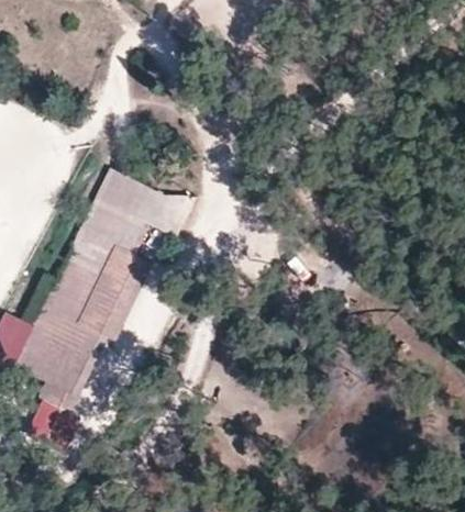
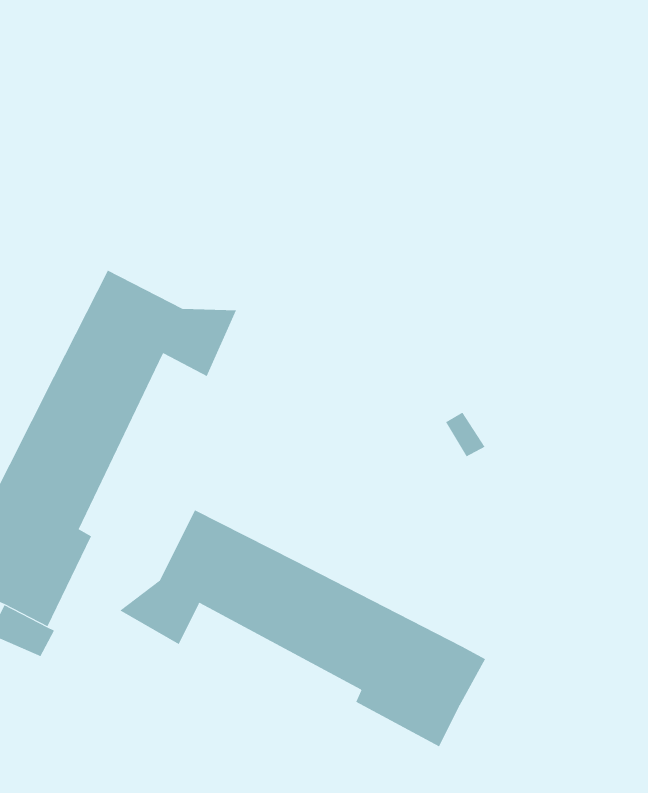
building: none -> [119,509,486,747]

